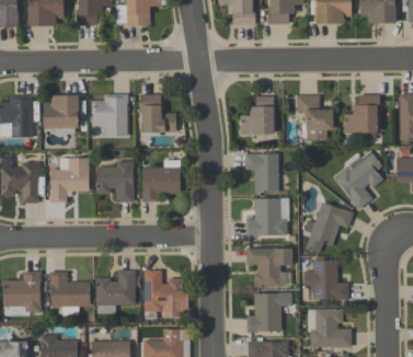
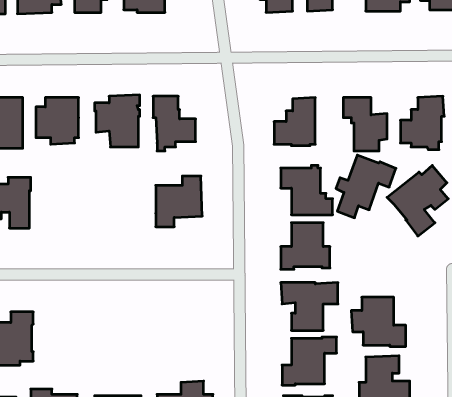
building: [50,158,89,203] -> none
building: [96,160,135,201] -> none
building: [305,201,354,253] -> [336,155,396,218]
building: [144,269,188,315] -> none
building: [95,270,135,313] -> none
building: [50,272,90,314] -> none

